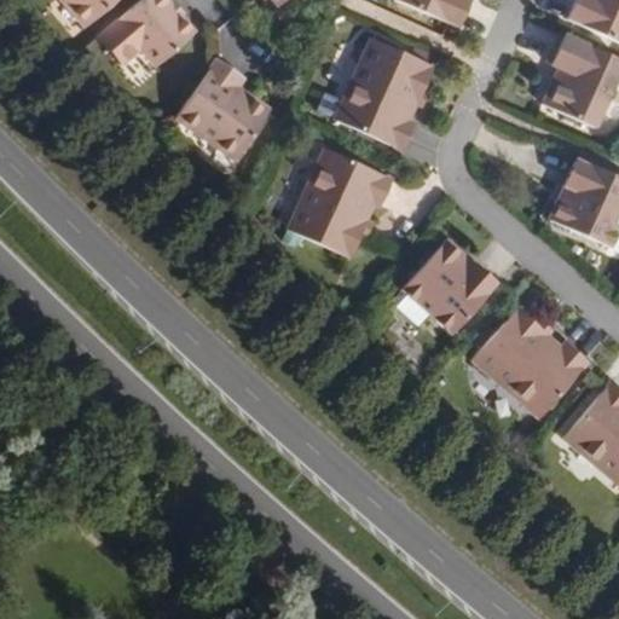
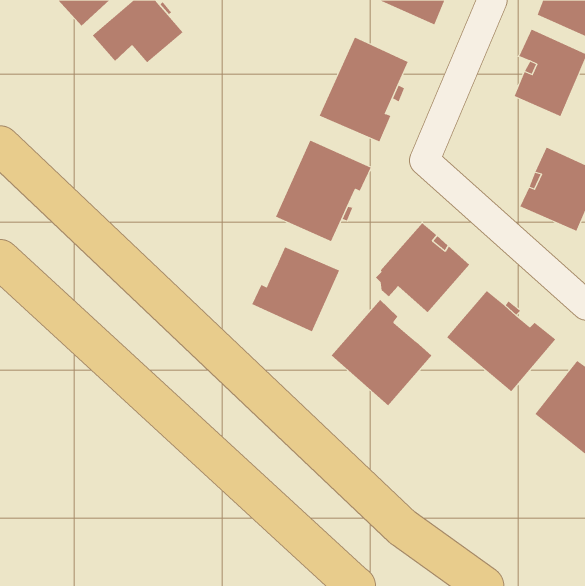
building: [177,59,267,160] -> none
building: none -> [252,247,340,332]
building: none -> [331,299,432,406]

